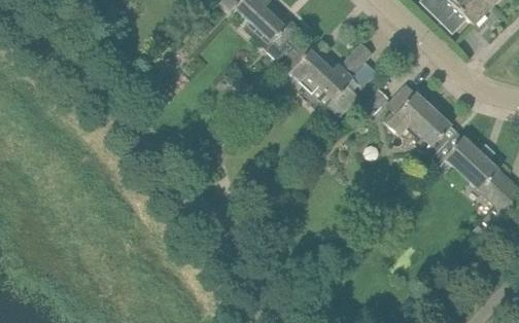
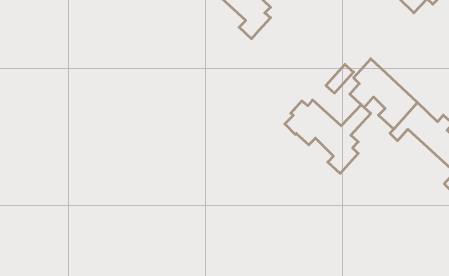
building: [279,37,372,116] -> [285,100,371,173]

